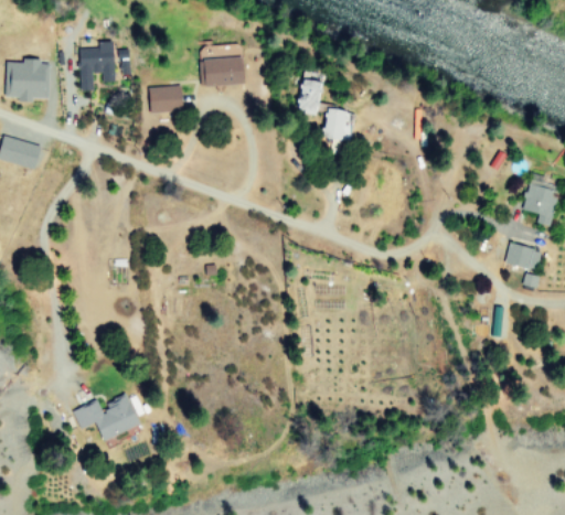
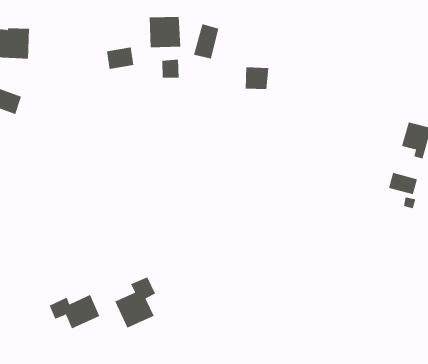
building: [79,41,116,90] -> none
building: [294,69,327,115] -> [193,23,219,59]
building: none -> [162,59,179,79]
building: none -> [115,276,156,328]

